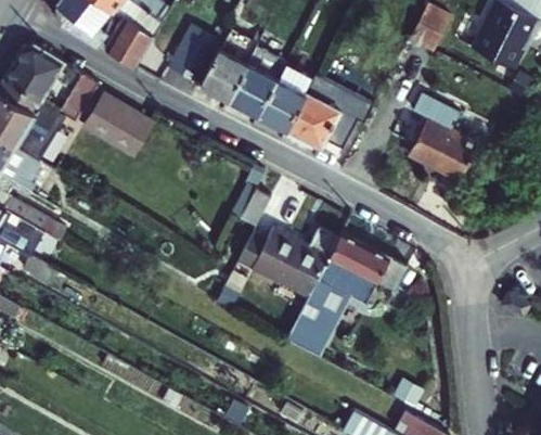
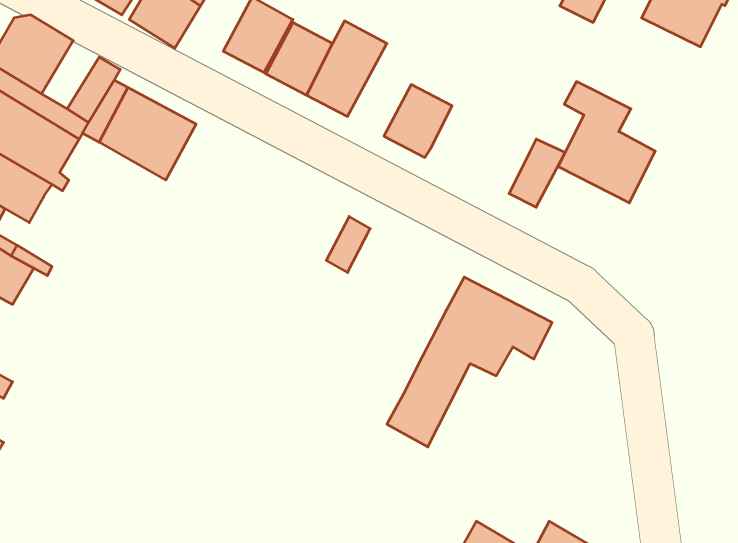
building: [259,65,313,131] -> none
building: [319,101,359,150] -> [509,139,565,207]
building: [242,228,330,296] -> none

